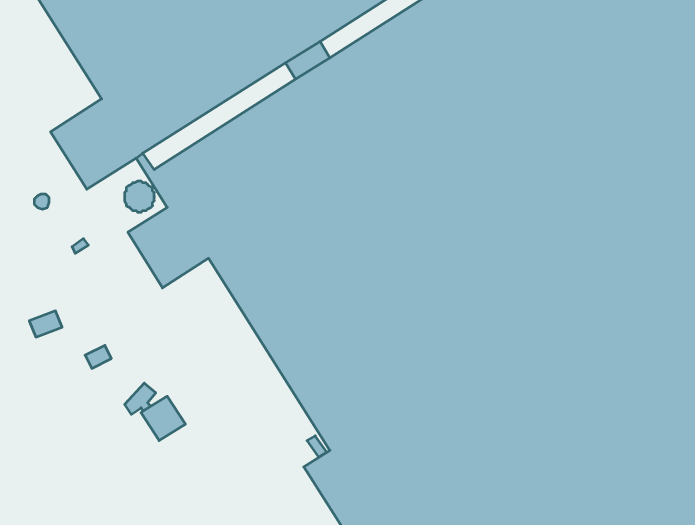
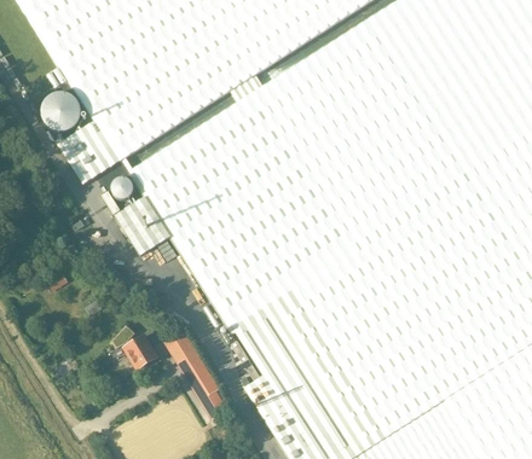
building: none -> [40,91,79,128]
building: none -> [164,331,226,419]

